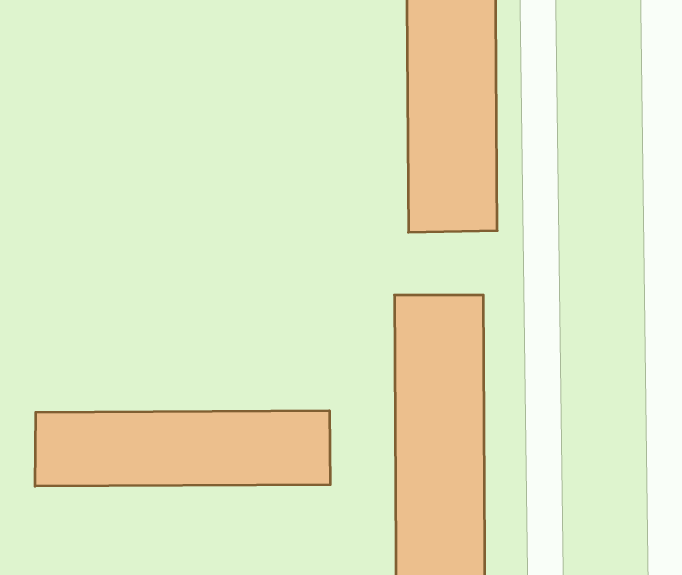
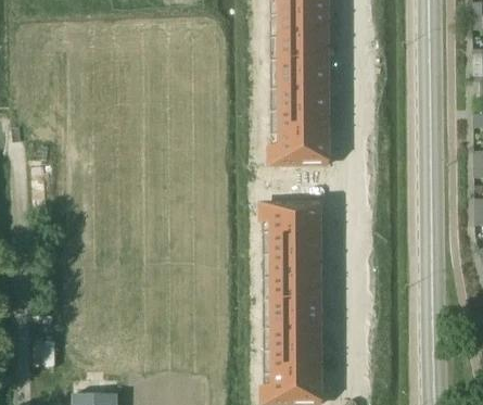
building: [35,411,330,486] -> none

